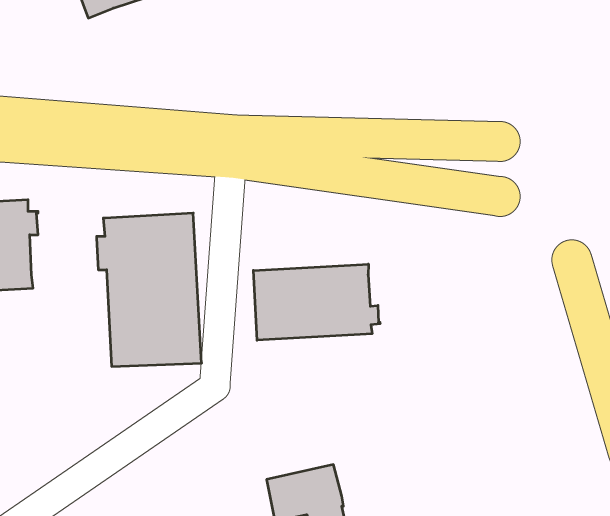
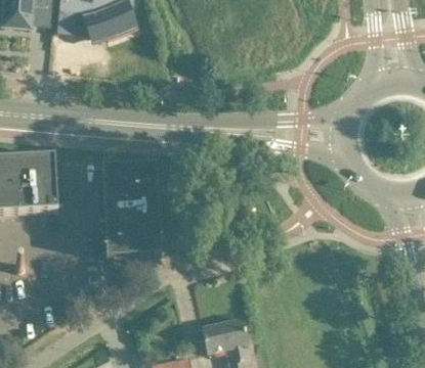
building: [253,264,380,340] -> none

